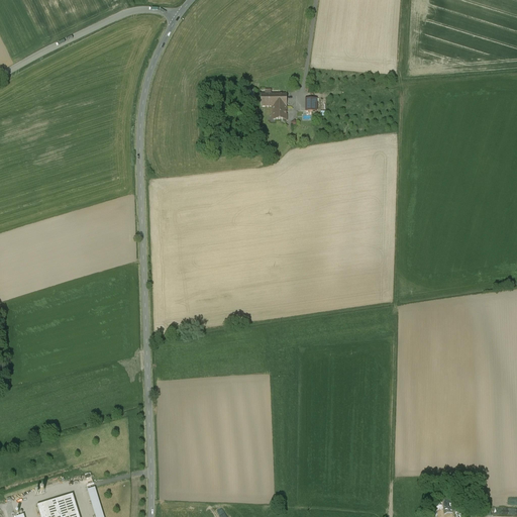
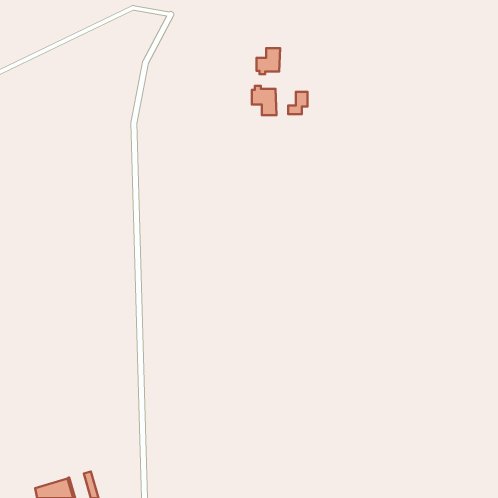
building: none -> [257,48,280,74]

